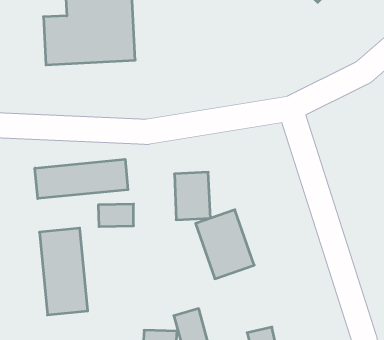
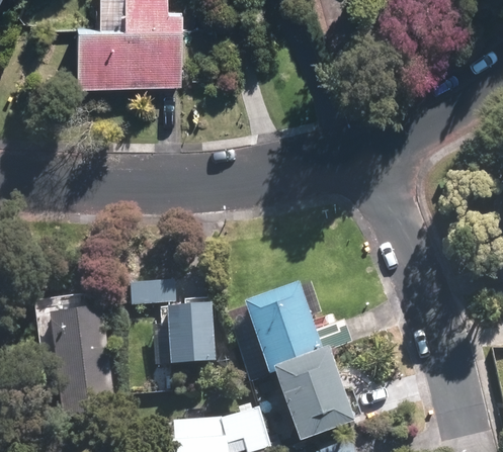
building: [35,159,128,199] -> none
building: [174,172,211,220] -> [170,301,216,361]
building: none -> [283,352,357,436]

